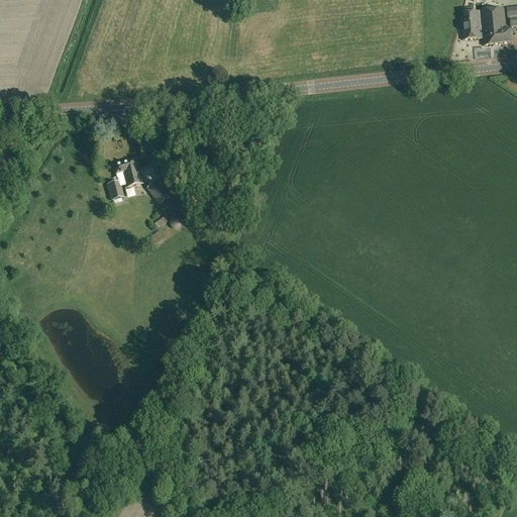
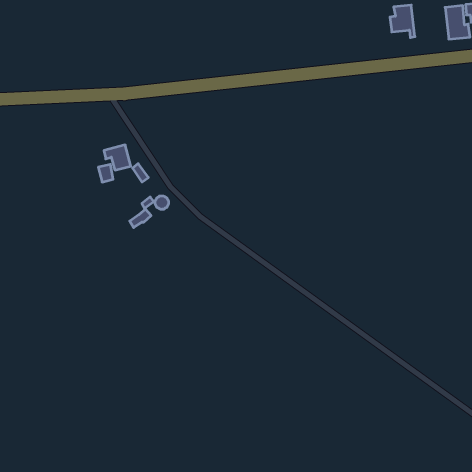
building: [463,8,491,43] -> [390,5,415,38]

